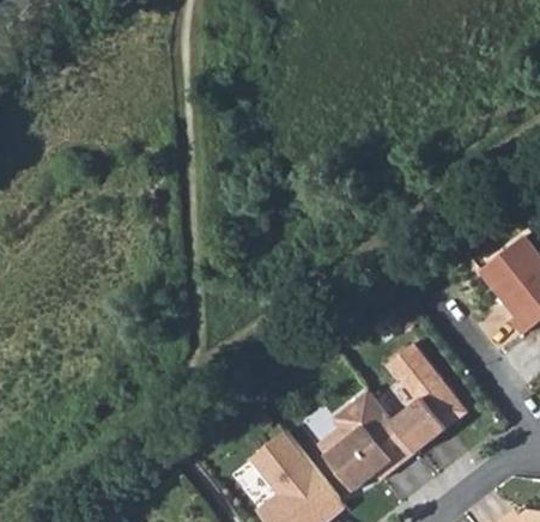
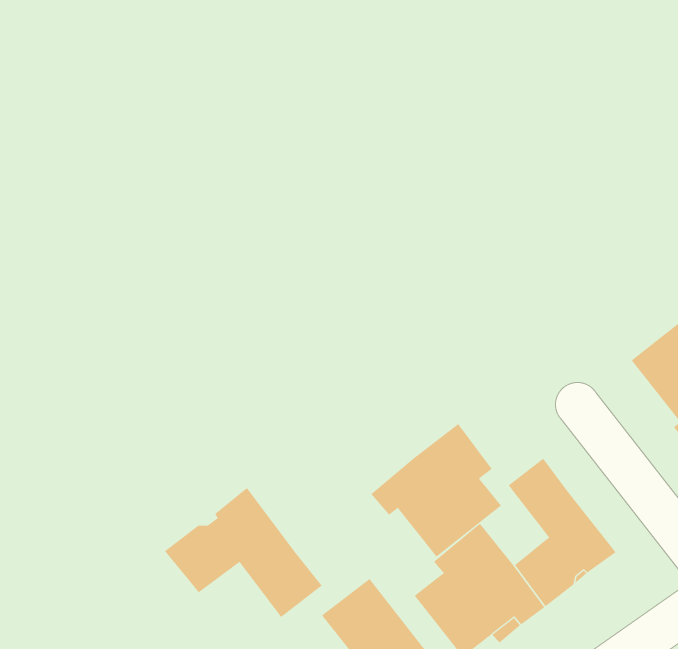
building: none -> [371,423,502,557]
building: none -> [164,487,323,618]

